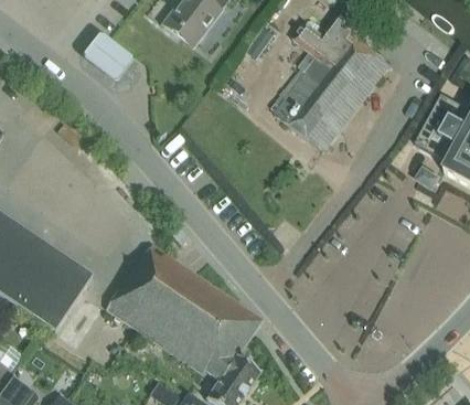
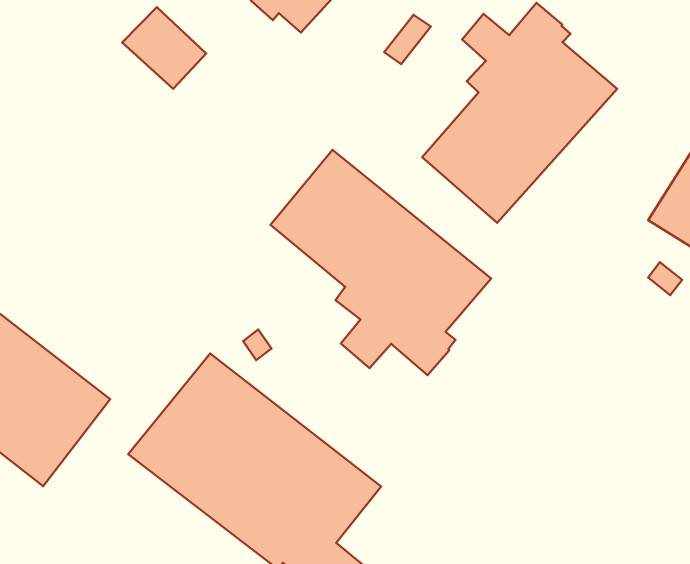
building: none -> [270,150,491,375]

